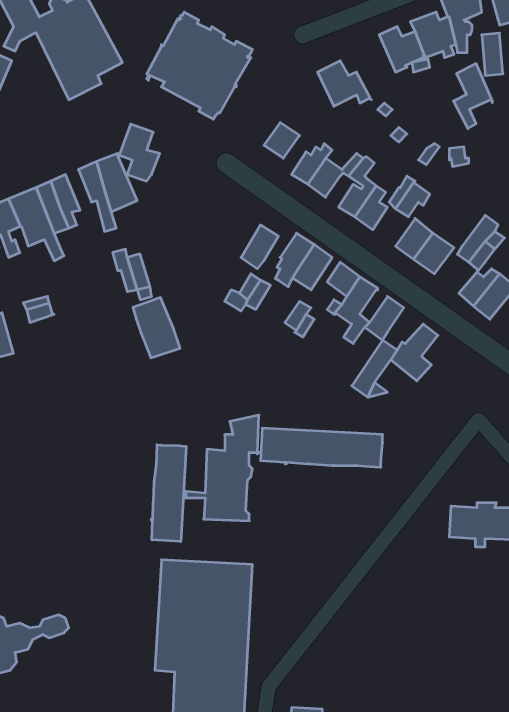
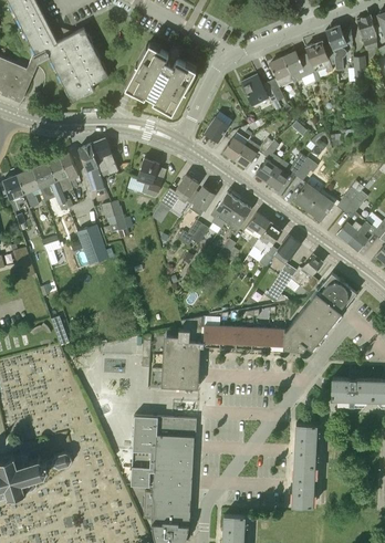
building: [453,64,492,129] -> [268,58,294,102]
building: [119,124,160,181] -> [136,159,164,198]
building: none -> [160,176,199,209]
building: [133,298,180,358] -> [77,224,110,265]
building: none -> [284,273,356,349]
building: [151,445,186,542] -> none
building: none -> [292,425,318,507]

